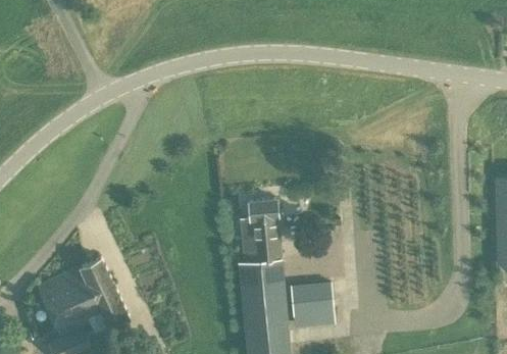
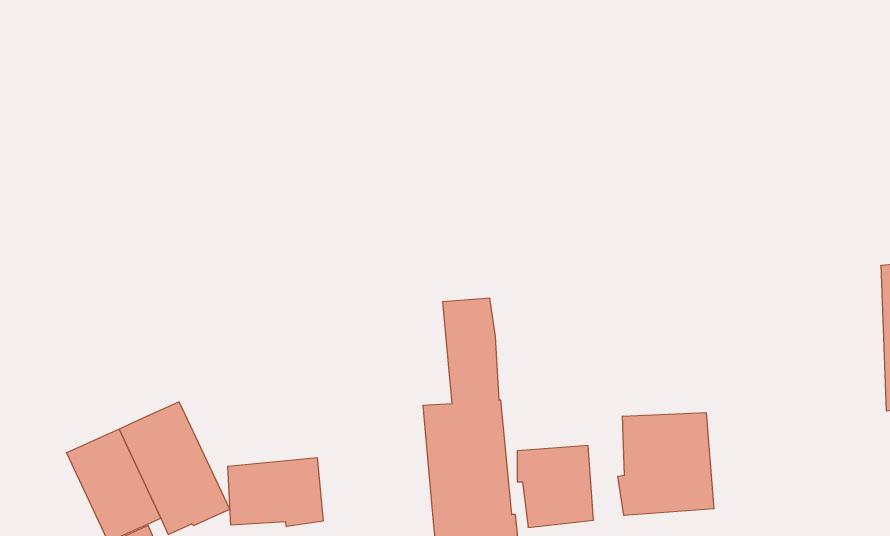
building: none -> [618,413,714,516]
building: none -> [228,458,323,527]

